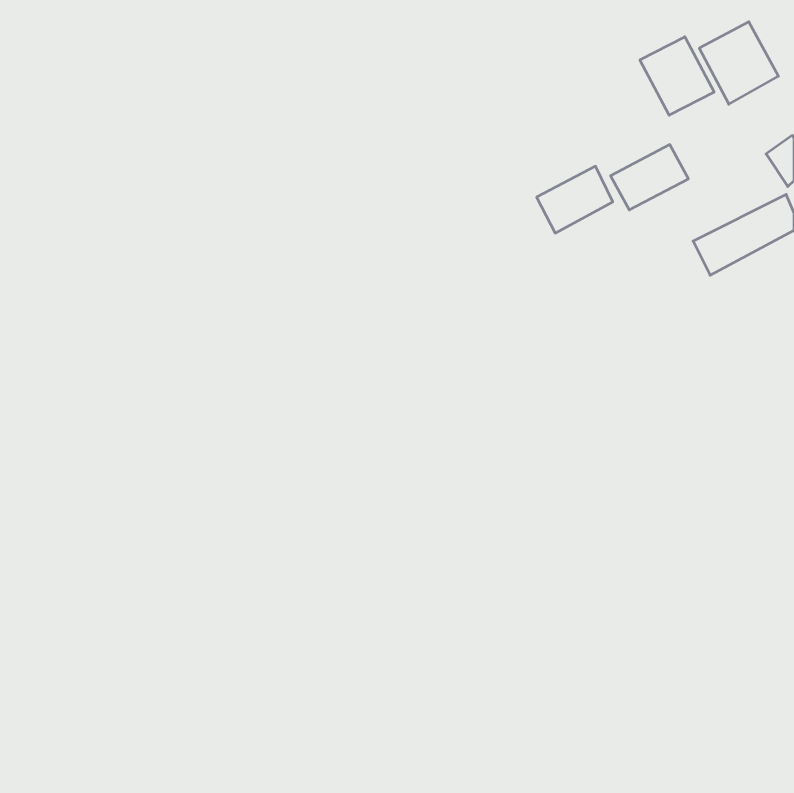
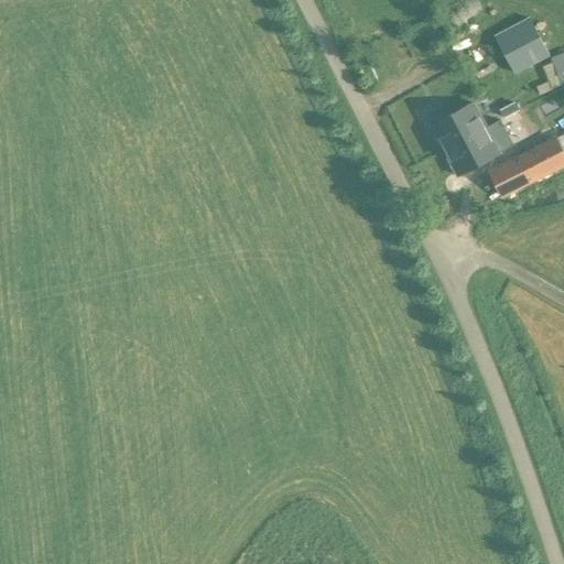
building: [640,37,714,115] -> none
building: [537,166,613,233] -> [446,127,500,174]

